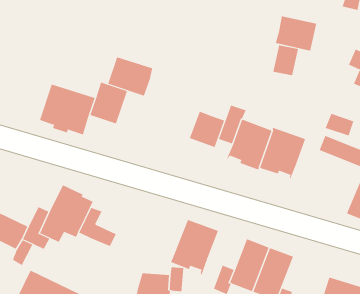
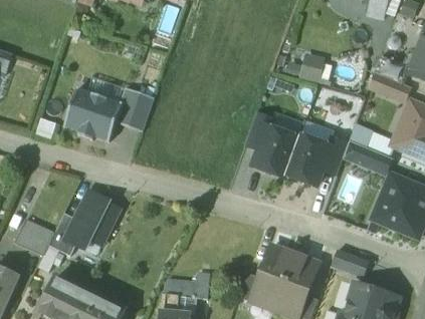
building: [275,15,317,51] -> none
building: [108,57,153,96] -> none
building: [189,111,225,148] -> none
building: none -> [323,135,349,176]
building: [79,207,116,247] -> none
building: [170,219,219,275] -> none
building: none -> [331,249,367,275]

